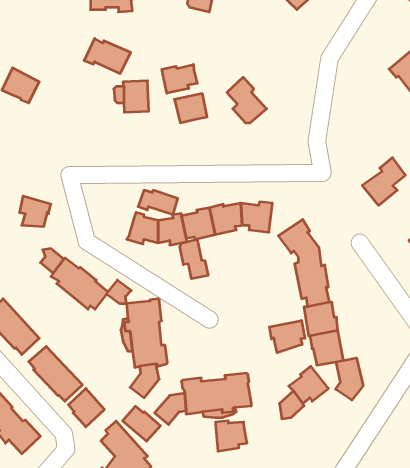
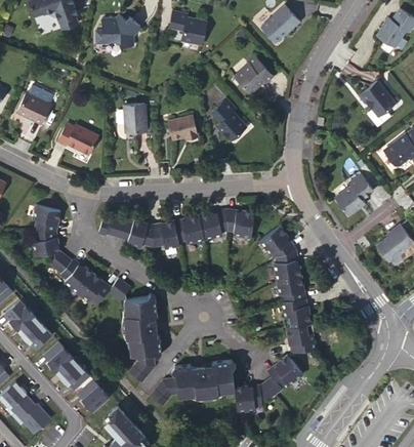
building: none -> [237,56,275,94]
building: [84,38,131,73] -> [57,123,98,154]
building: [162,64,197,93] -> none
building: [138,190,178,215] -> [98,219,133,241]
building: none -> [33,232,60,257]
building: [180,239,208,279] -> none
building: [269,320,305,353] -> none
building: [336,358,363,400] -> none
building: [123,406,160,441] -> none
building: [216,421,247,451] -> [237,388,264,414]

